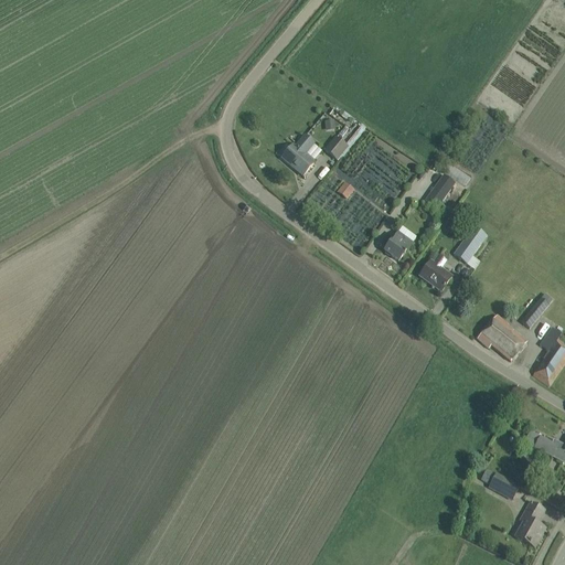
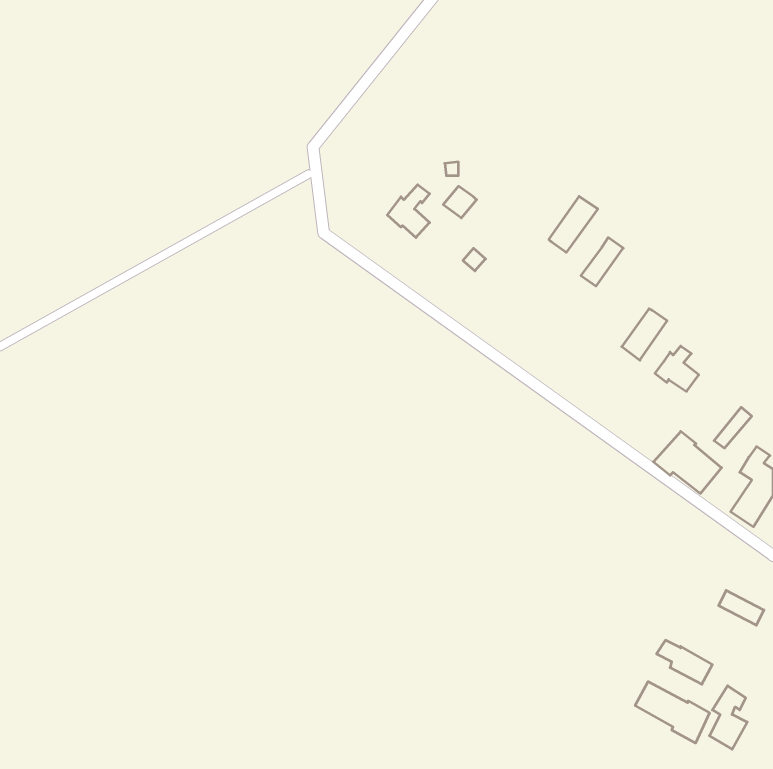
building: none -> [549,196,598,252]
building: [384,225,416,259] -> none
building: [419,255,451,288] -> [655,346,699,391]
building: none -> [635,682,709,743]

